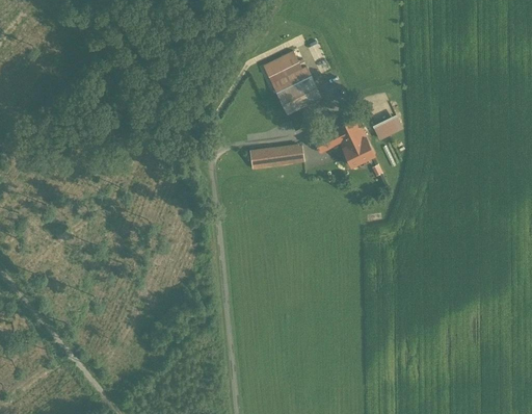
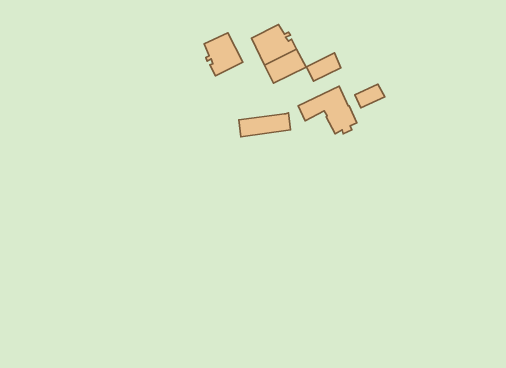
building: none -> [204,33,243,76]
building: none -> [306,53,341,81]

